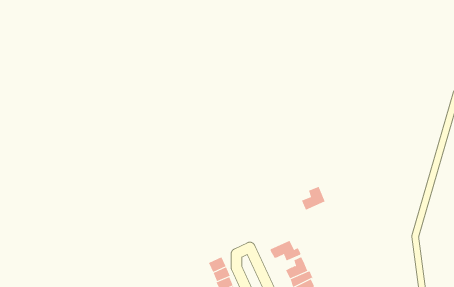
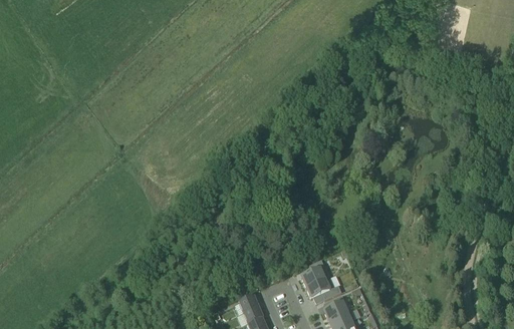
building: [301,186,326,211] -> [301,260,328,287]

